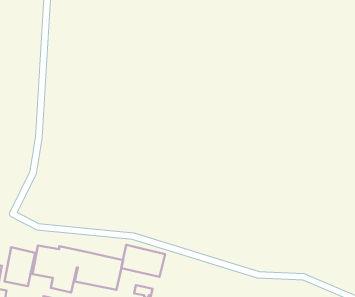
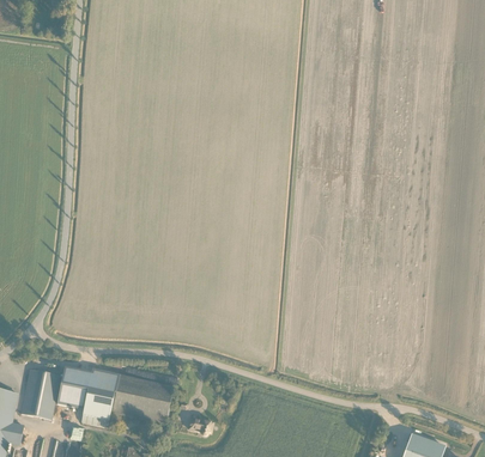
building: [121,245,165,277] -> none

